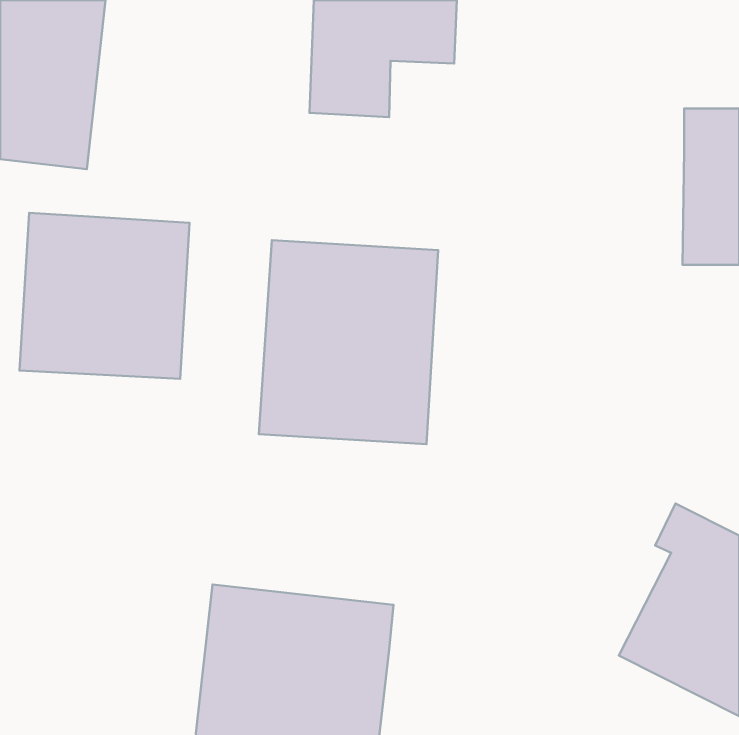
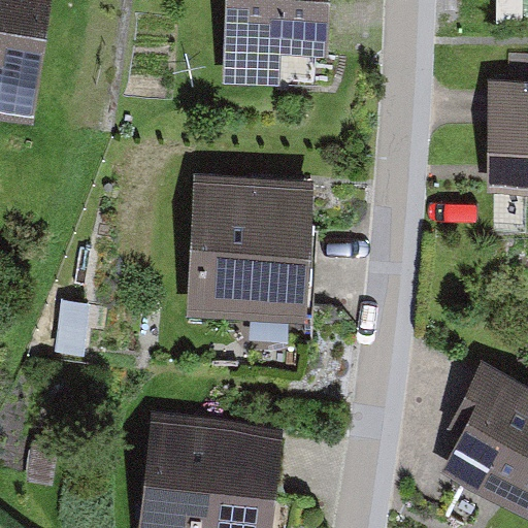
building: [20,213,189,379] -> none

